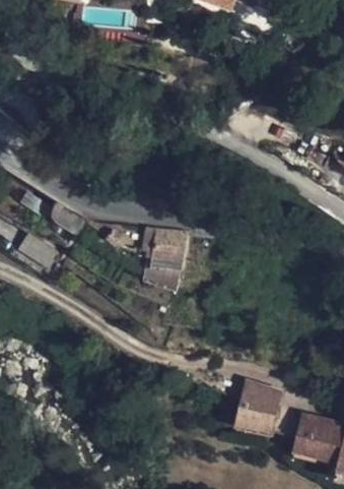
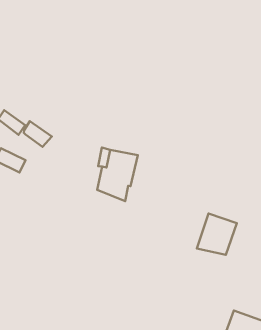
building: [236,381,282,429] -> [197,214,237,255]

